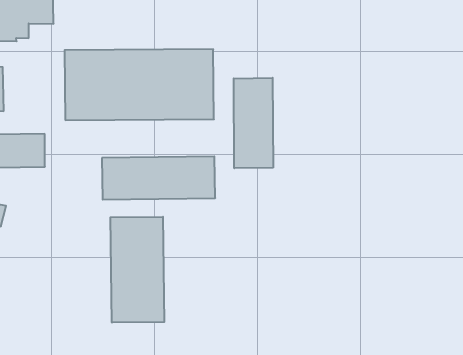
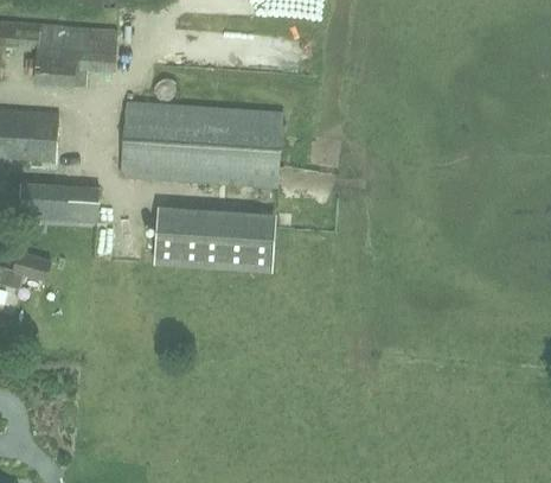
building: [234,78,273,168] -> none
building: [110,217,164,323] -> none

